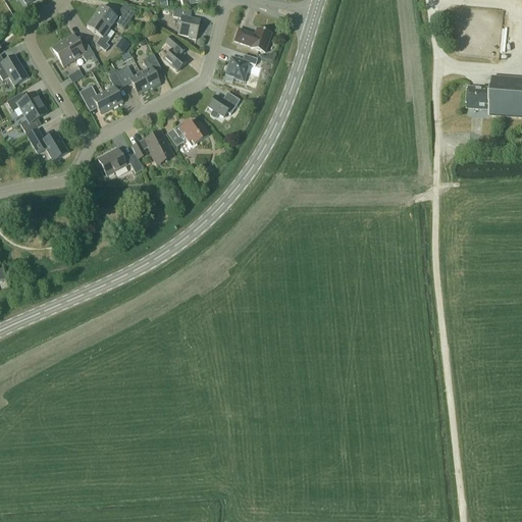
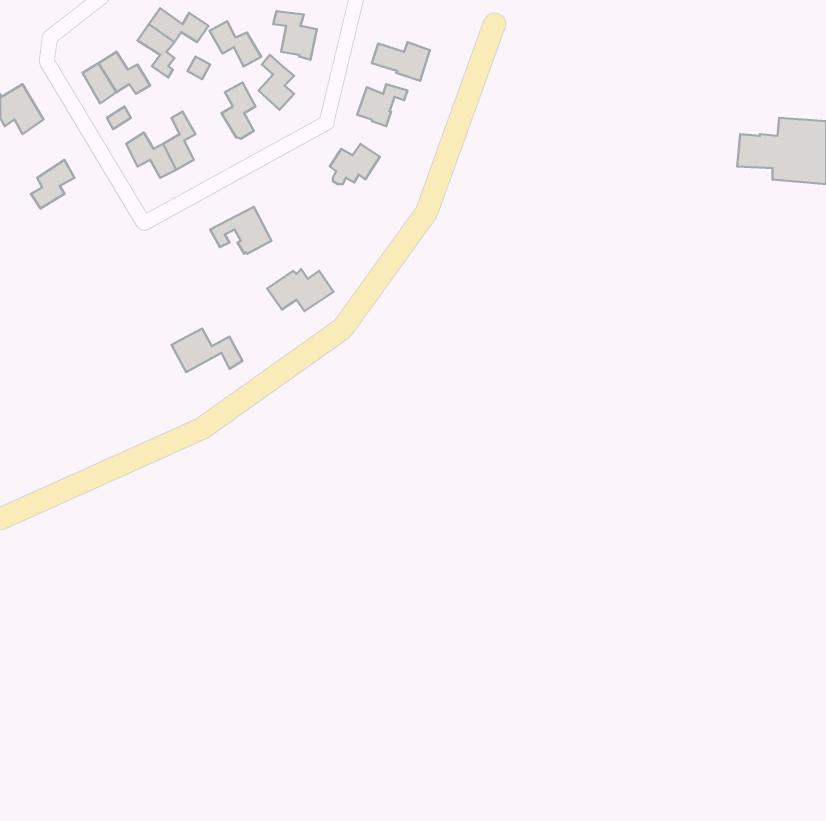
building: [116,64,149,93] -> [210,21,261,67]
building: [6,91,41,112] -> none
building: [167,119,209,146] -> [267,269,334,311]
building: [27,127,68,159] -> none
building: [98,147,143,174] -> [171,329,243,372]

